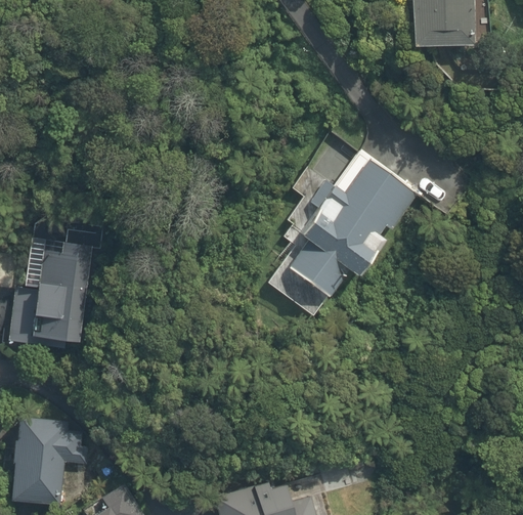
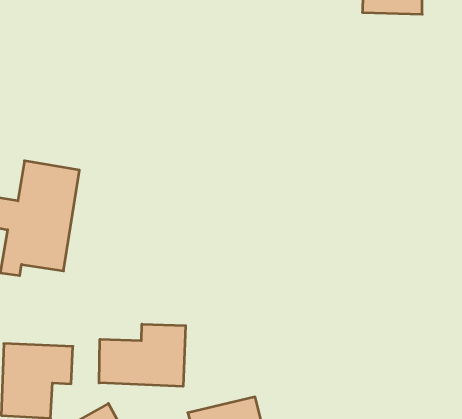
building: [277,156,416,301] -> none
building: none -> [99,324,186,386]

